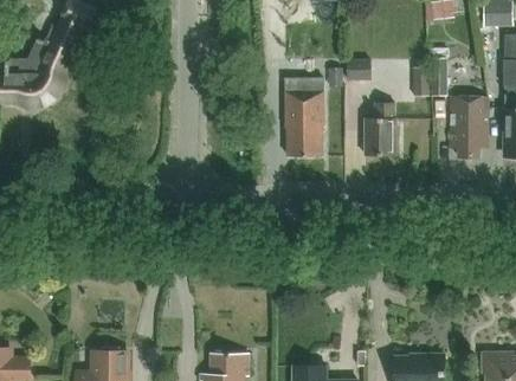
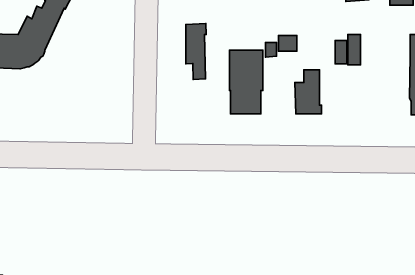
building: none -> [186,23,206,79]
building: [450,96,488,156] -> none

